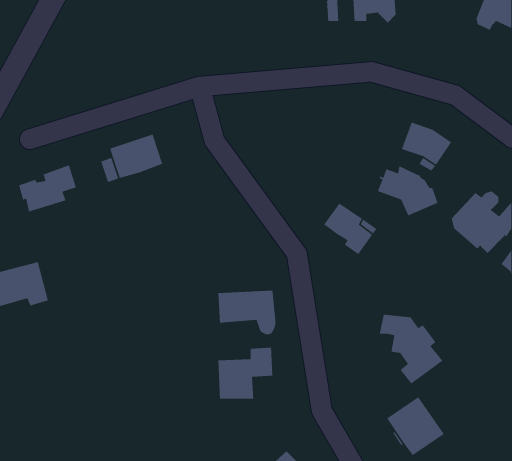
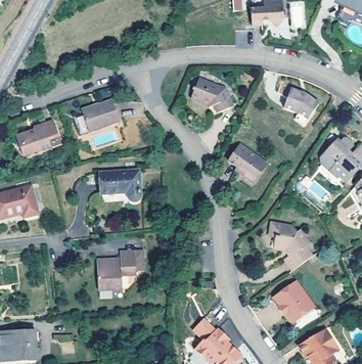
building: [377,165,439,216] -> [192,81,235,117]
building: [218,290,276,335] -> [100,170,141,201]
building: [218,347,273,400] -> [97,252,136,288]

